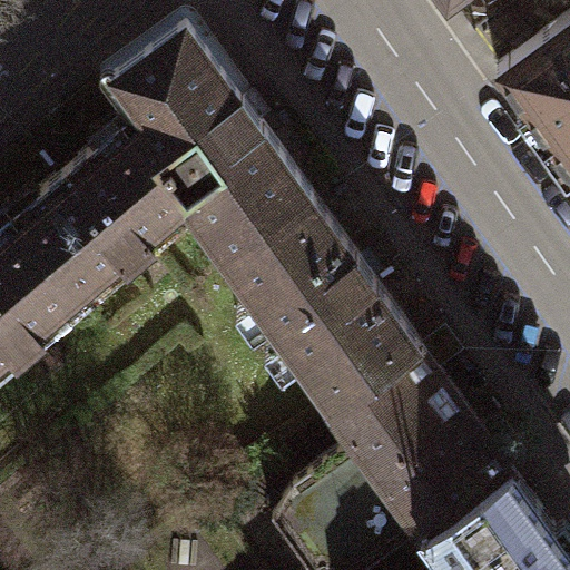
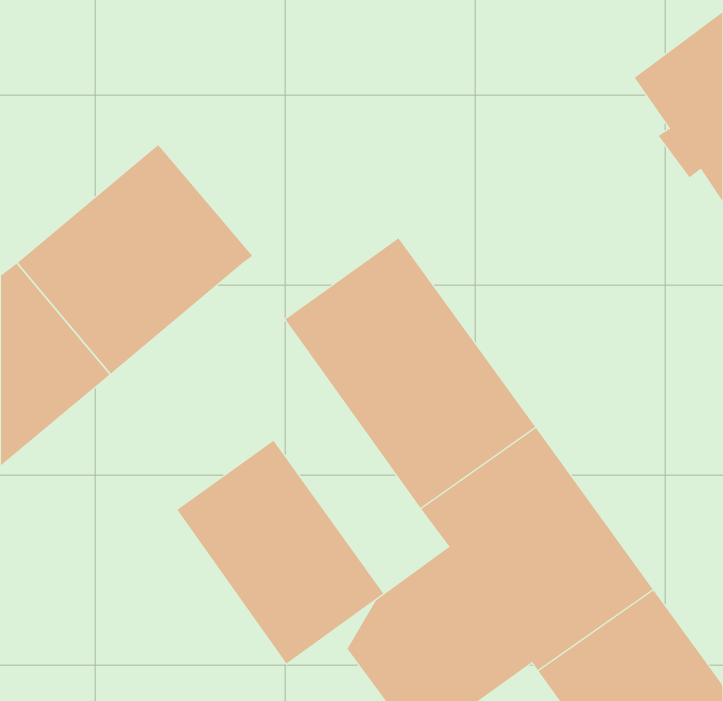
building: [110,28,314,268] -> none
building: none -> [176,440,384,665]

